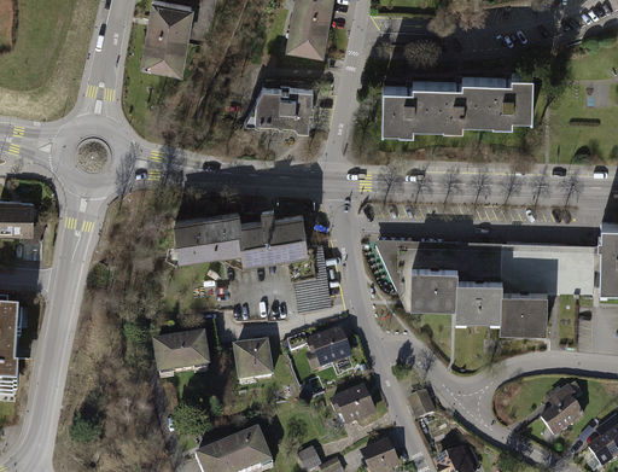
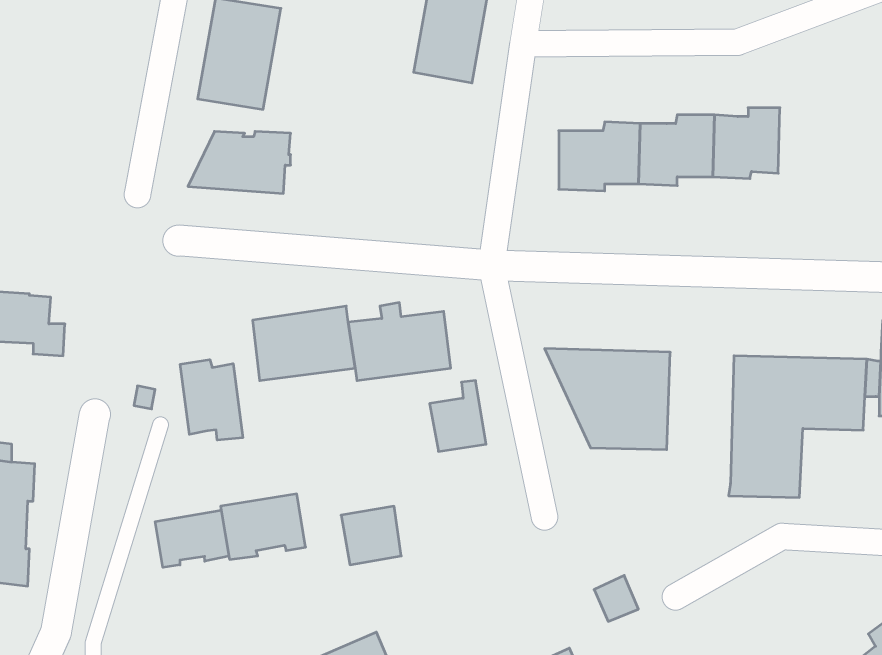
building: [243,91,313,133] -> [188,131,291,193]
building: [455,241,502,331] -> none
building: none -> [180,360,243,440]
building: [307,331,355,377] -> none
building: none -> [155,510,229,567]
building: [541,381,585,439] -> none
building: [331,389,379,432] -> none

